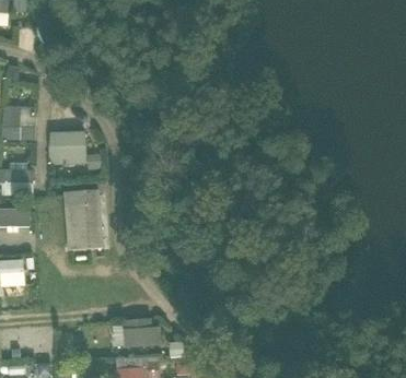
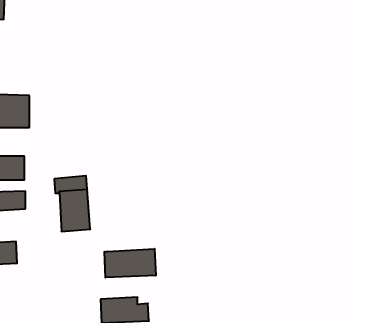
building: [49,131,102,165] -> none
building: none -> [104,249,156,278]

